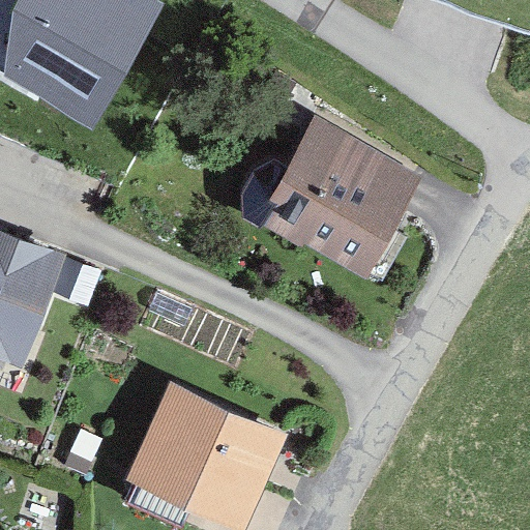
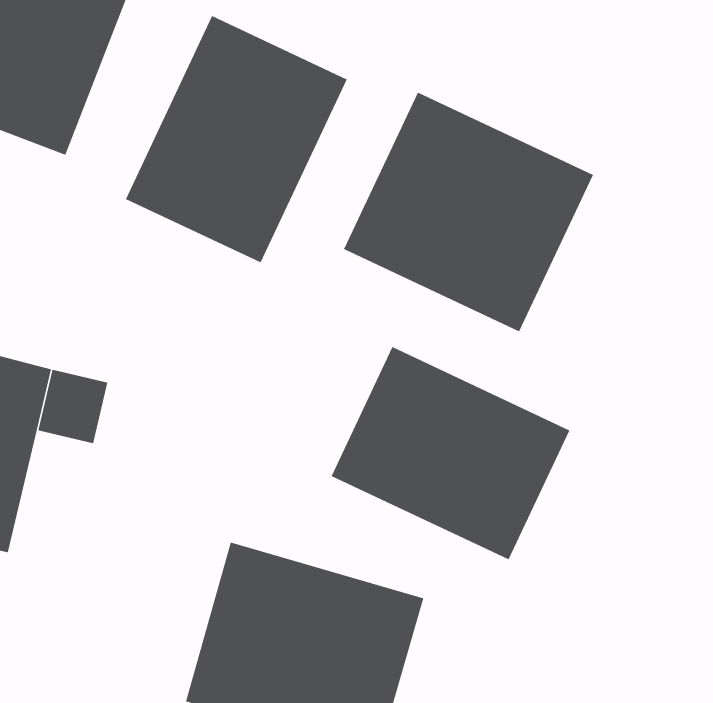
building: none -> [125,15,347,263]
building: none -> [331,346,570,560]

